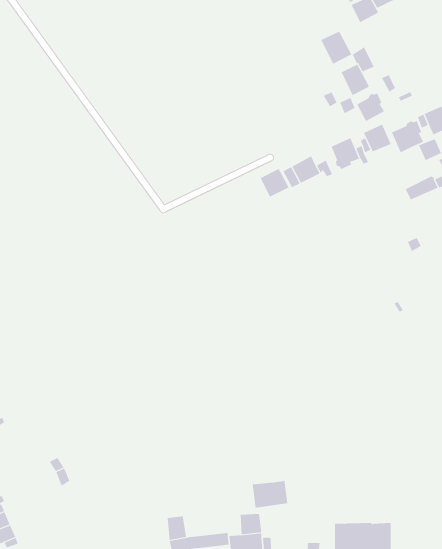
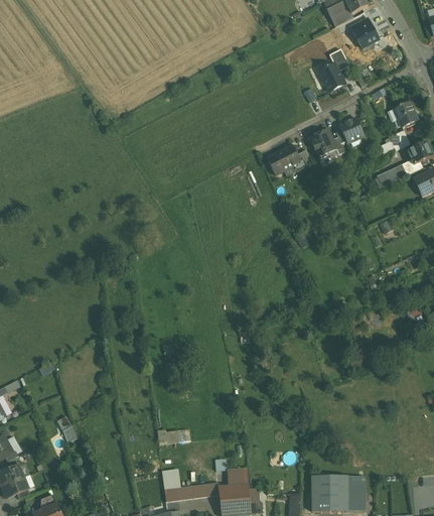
building: [321,31,352,64] -> [350,17,379,47]
building: [357,93,385,122] -> none
building: [391,120,424,153] -> none
building: [260,168,289,197] -> none
building: [252,480,288,508] -> none

